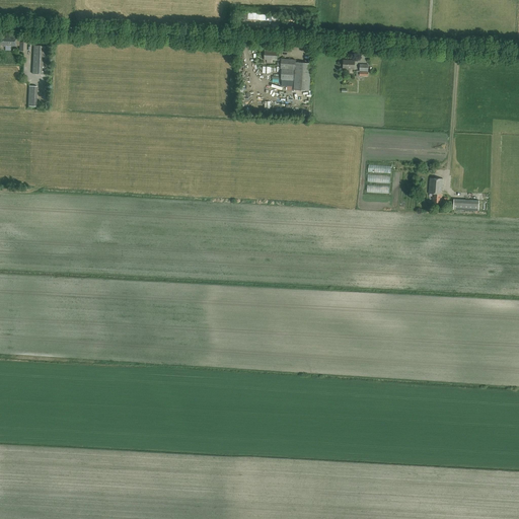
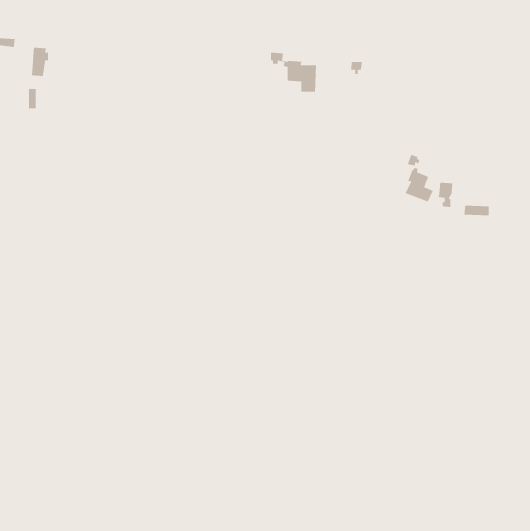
building: none -> [404,154,434,202]

